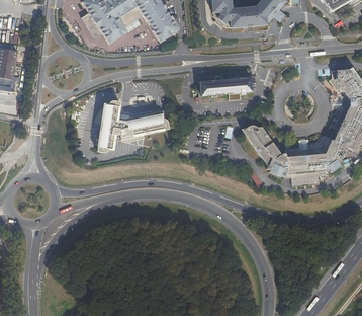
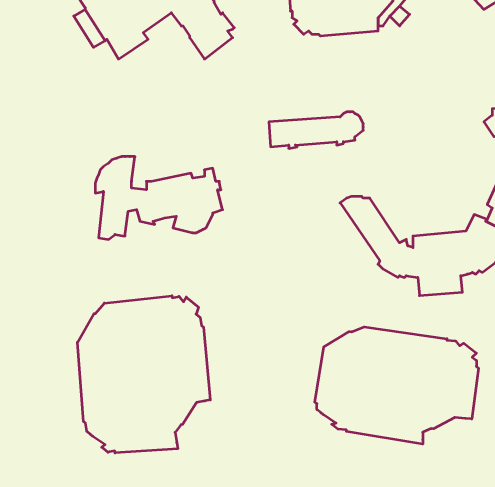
building: none -> [77,296,210,453]
building: none -> [315,327,478,444]

